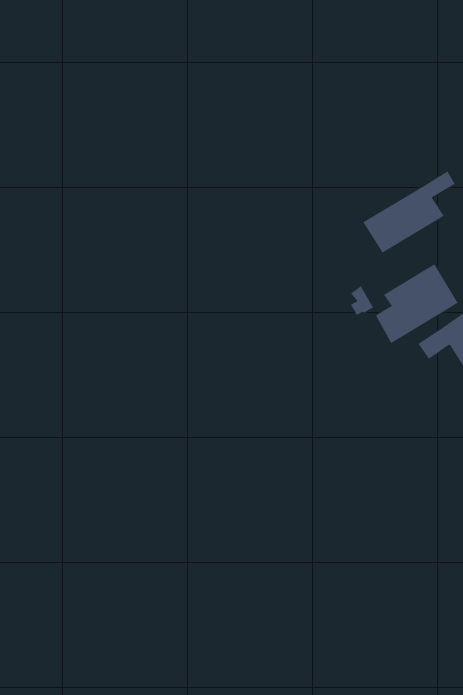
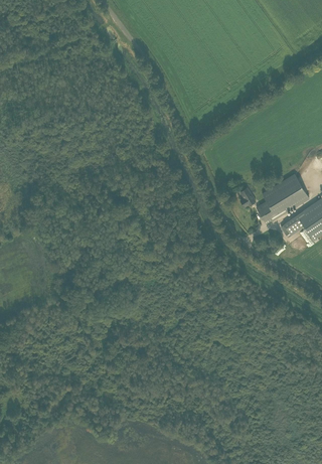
building: [362,170,456,254] -> none

